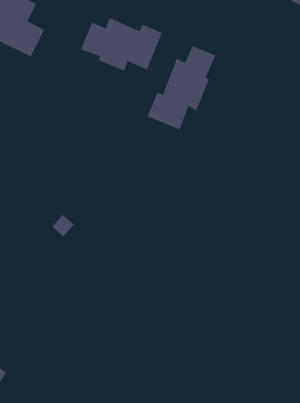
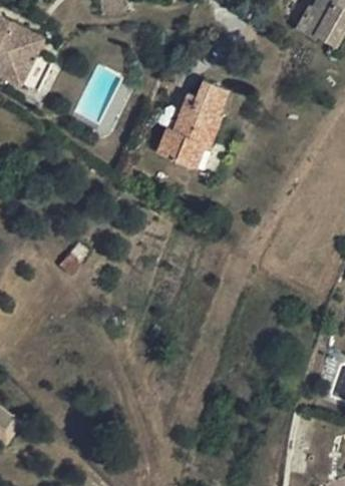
building: [80,17,162,71] -> none

